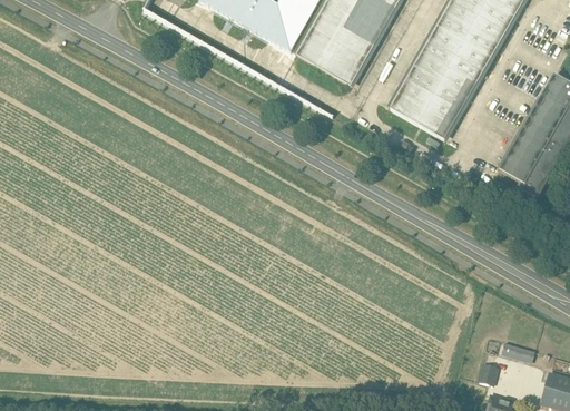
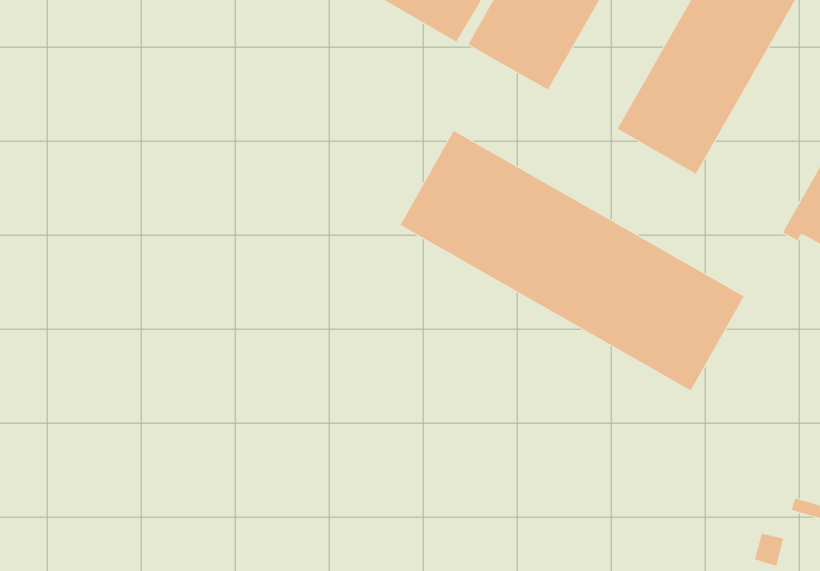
building: none -> [400,130,745,391]

